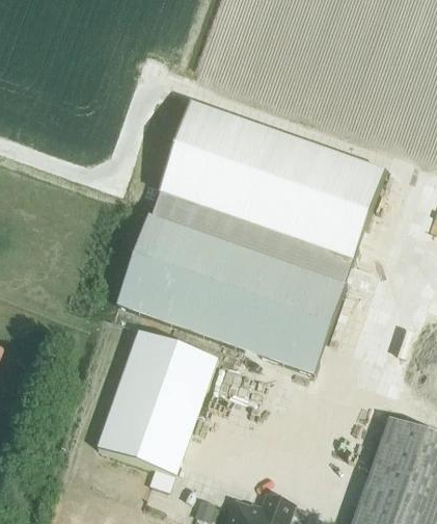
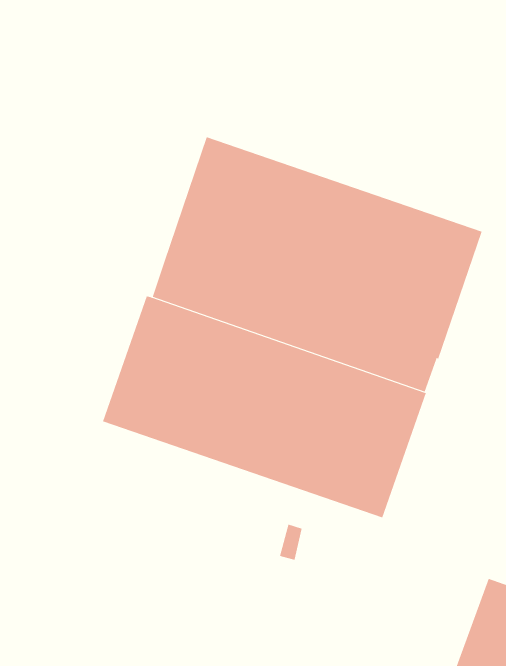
building: [98,329,217,474] -> none

